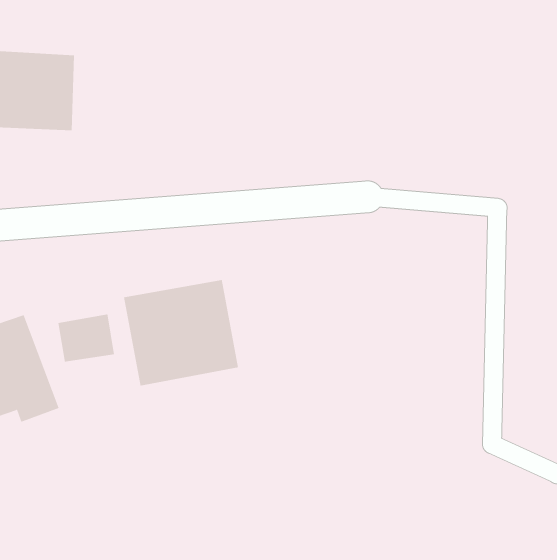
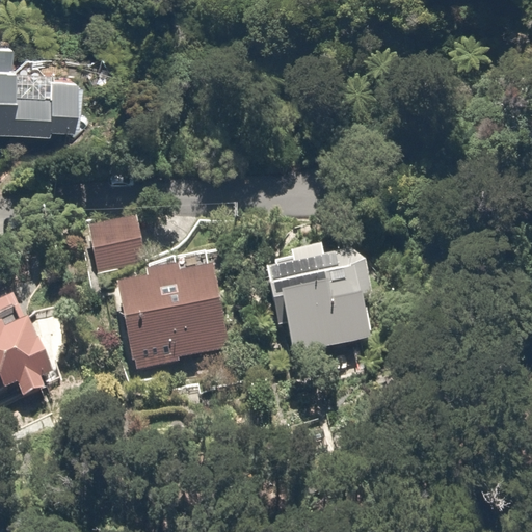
building: none -> [267,245,378,353]
building: [57,314,115,362] -> [87,220,141,266]

